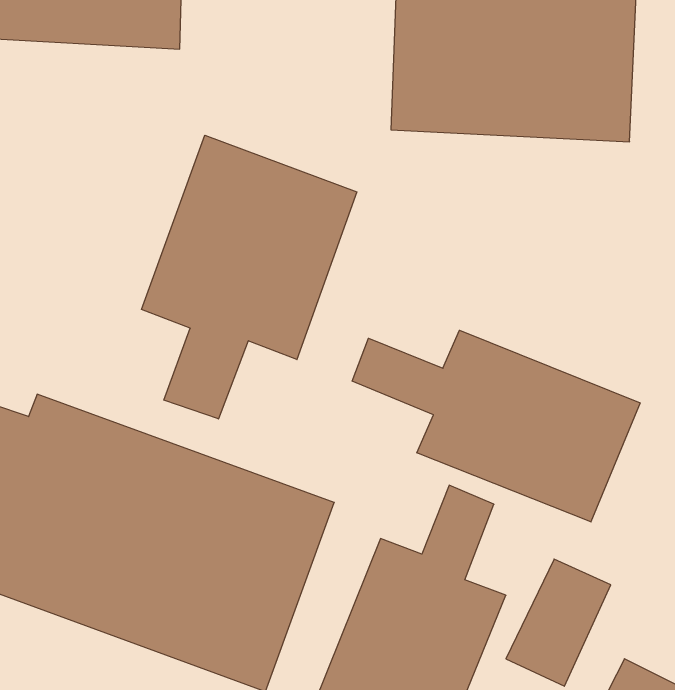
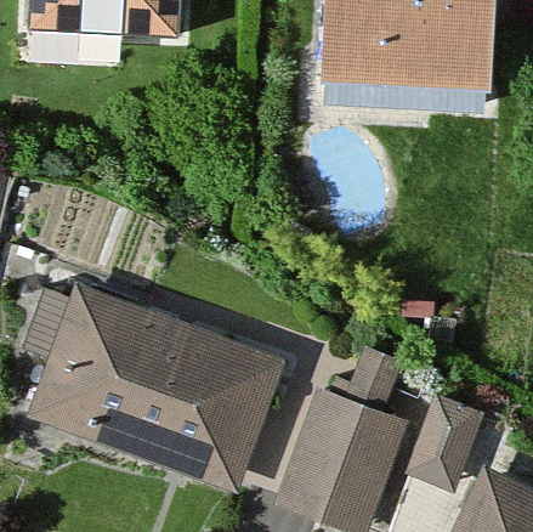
building: [141,135,357,419] -> none
building: [352,330,640,522] -> none

